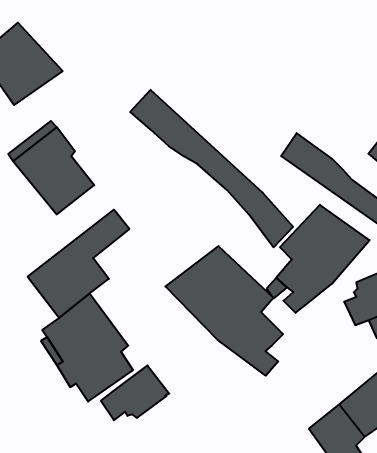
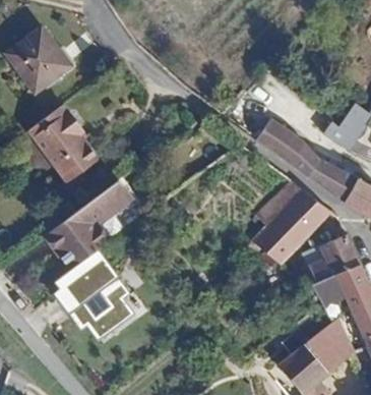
building: [130,90,293,247] -> none
building: [165,246,283,376] -> none
building: [101,365,169,420] -> none

